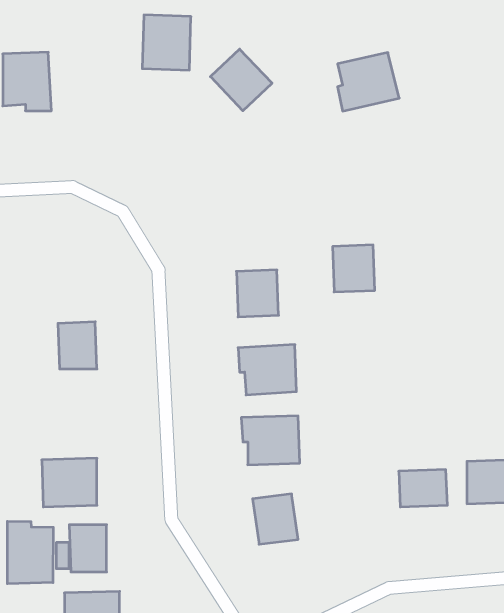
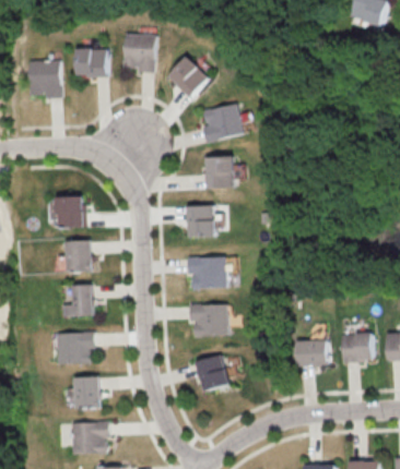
building: none -> [75,48,108,75]
building: [338,53,399,111] -> [203,103,245,142]
building: [333,245,375,292] -> [205,156,234,188]
building: none -> [47,195,85,228]
building: none -> [61,285,92,316]
building: [7,521,53,584] -> none

